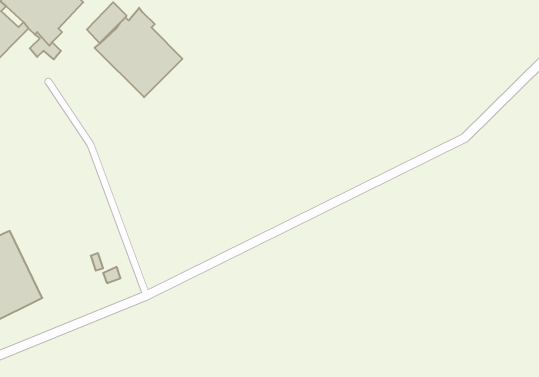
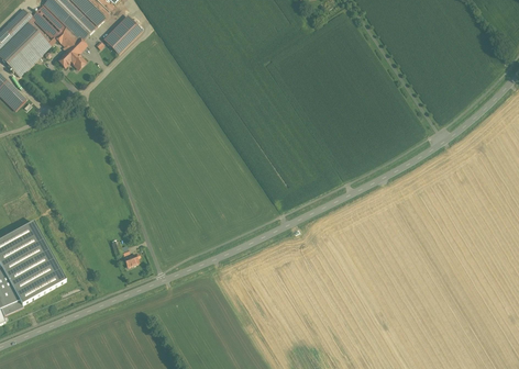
building: [95,8,182,97] -> none

